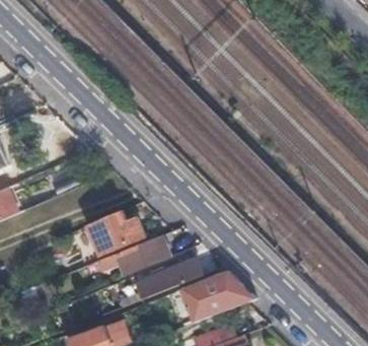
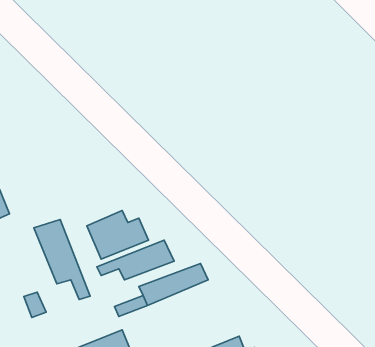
building: none -> [34,220,90,300]
building: [179,269,256,322] -> none

